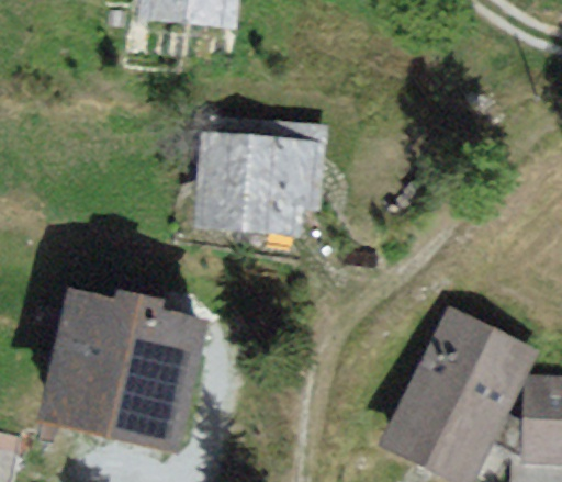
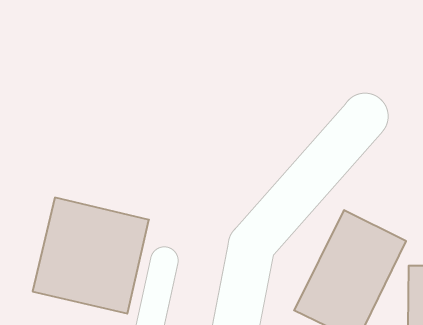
building: [200,134,318,234] -> none

